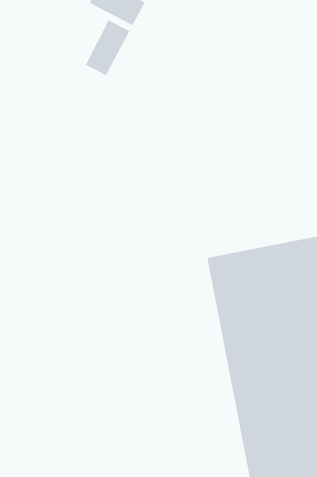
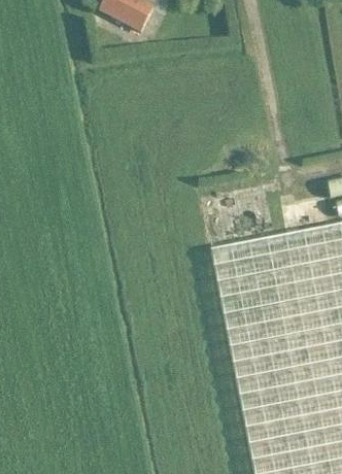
building: [85,19,131,76] -> none

